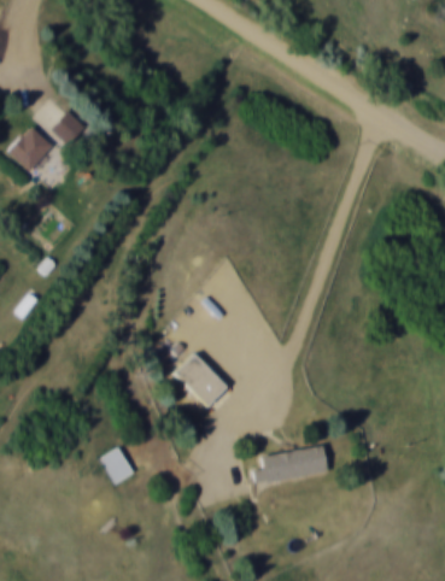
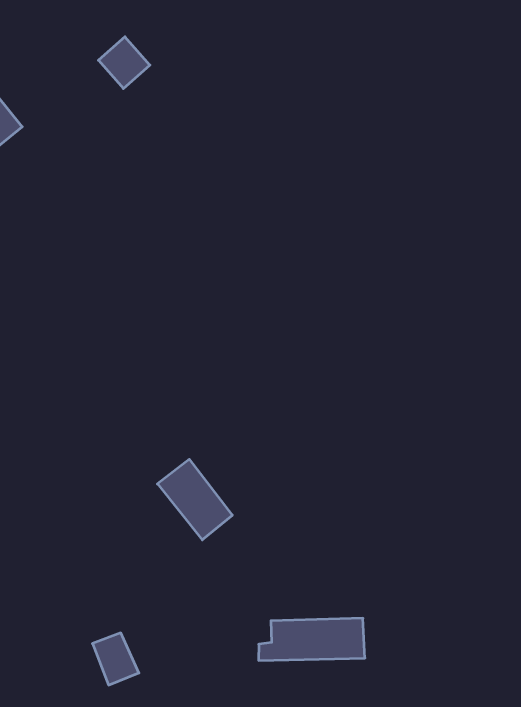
building: [51,111,86,146] -> [98,37,150,89]
building: [100,447,134,483] -> [92,633,139,685]

